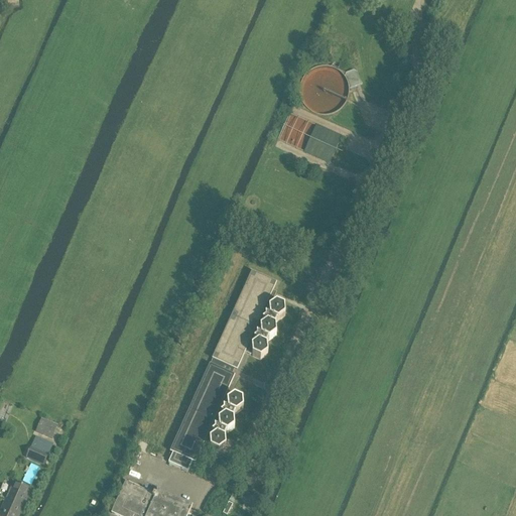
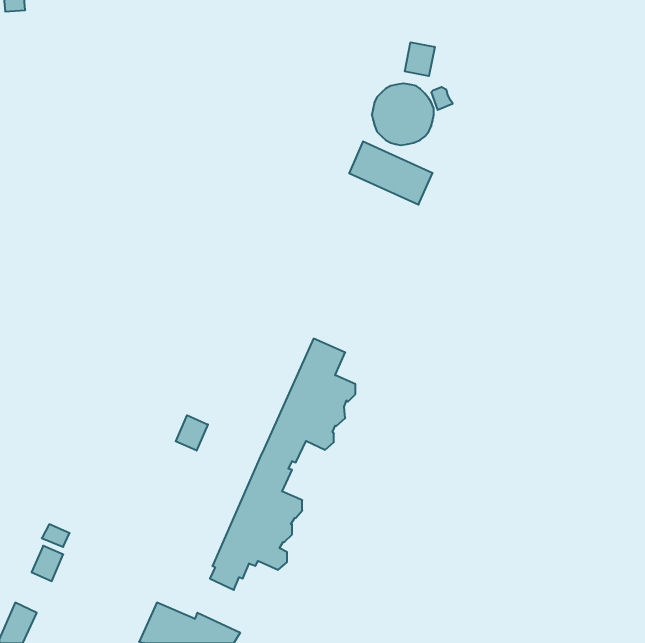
building: none -> [405,42,435,76]
building: none -> [176,415,208,451]

